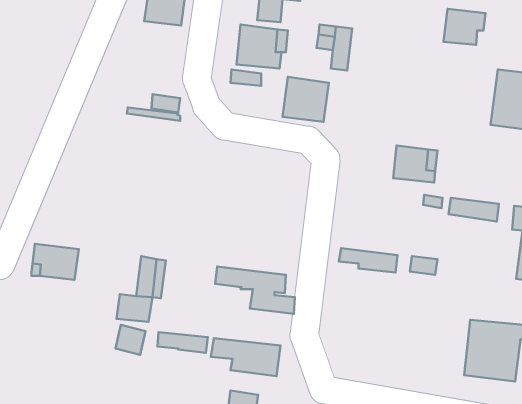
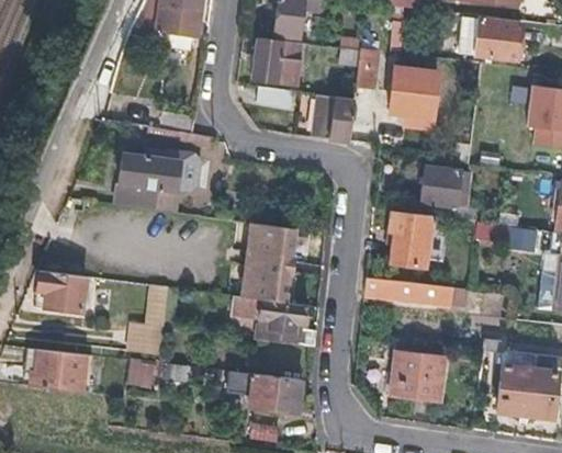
building: none -> [389,68,438,116]
building: none -> [117,156,180,211]
building: none -> [386,209,430,268]
building: none -> [243,222,295,303]
building: none -> [26,349,88,392]
building: none -> [390,353,446,403]

